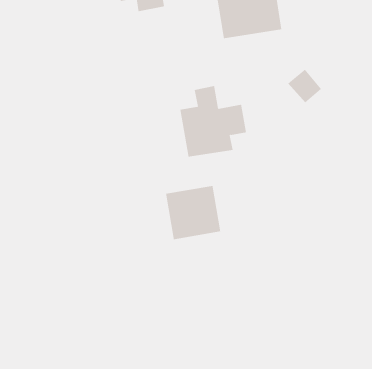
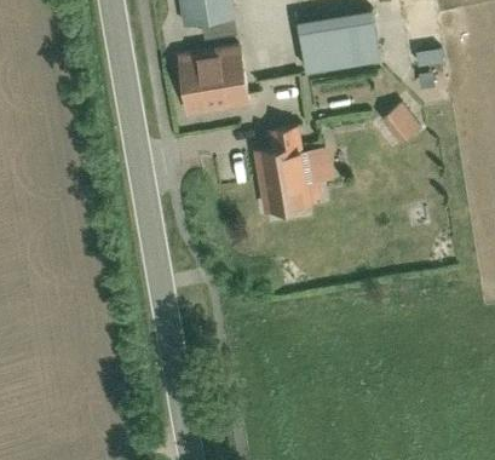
building: none -> [177,51,244,116]
building: [165,185,221,240] -> none

